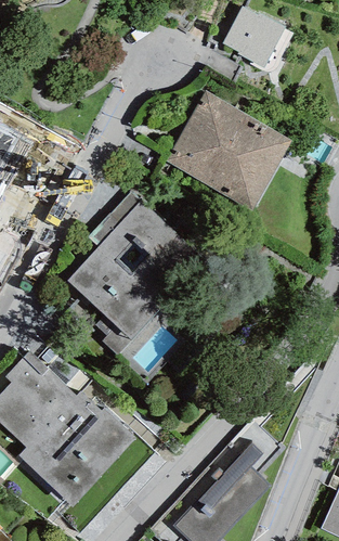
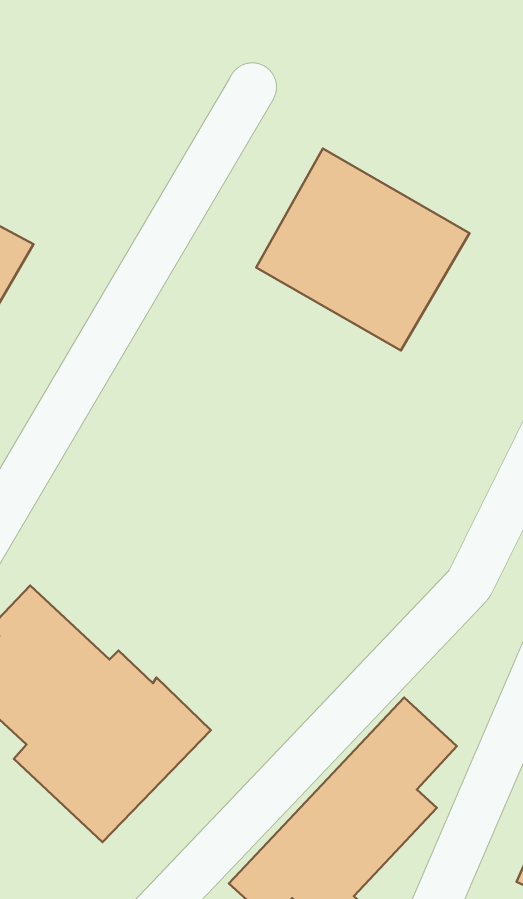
building: [221,8,285,68] -> none
building: [66,192,207,343] -> none

